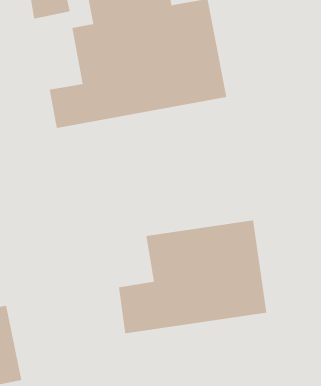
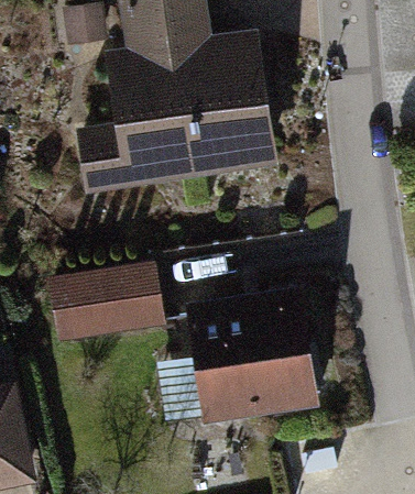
building: none -> [42,271,161,345]

